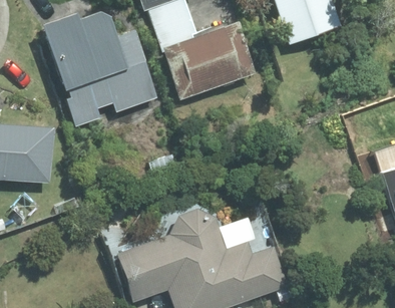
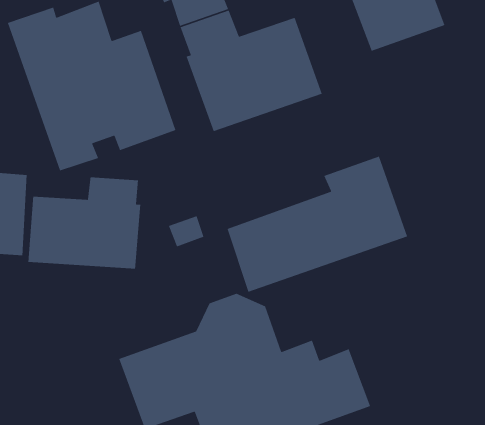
building: none -> [226,156,408,293]
building: none -> [27,176,141,269]

